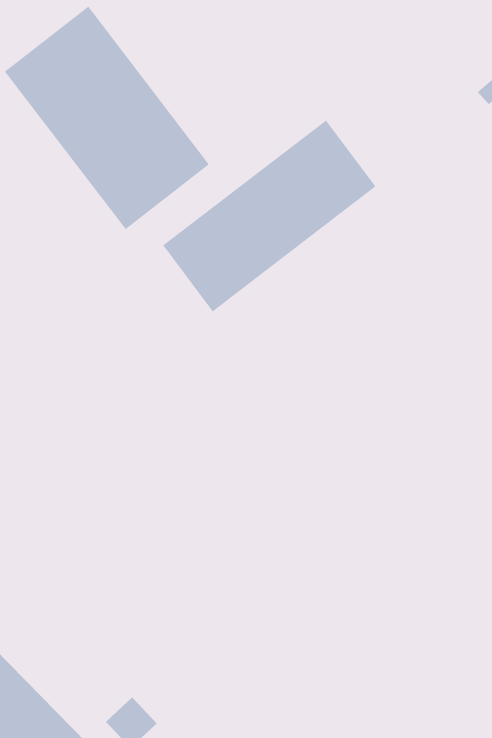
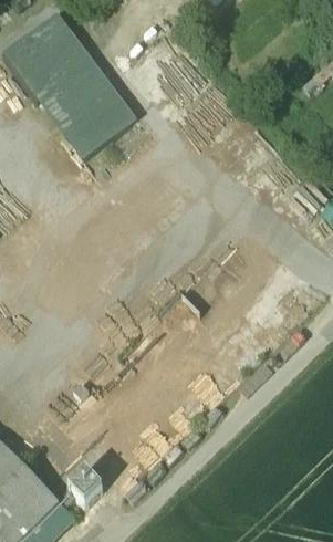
building: [162,119,377,312] -> none

